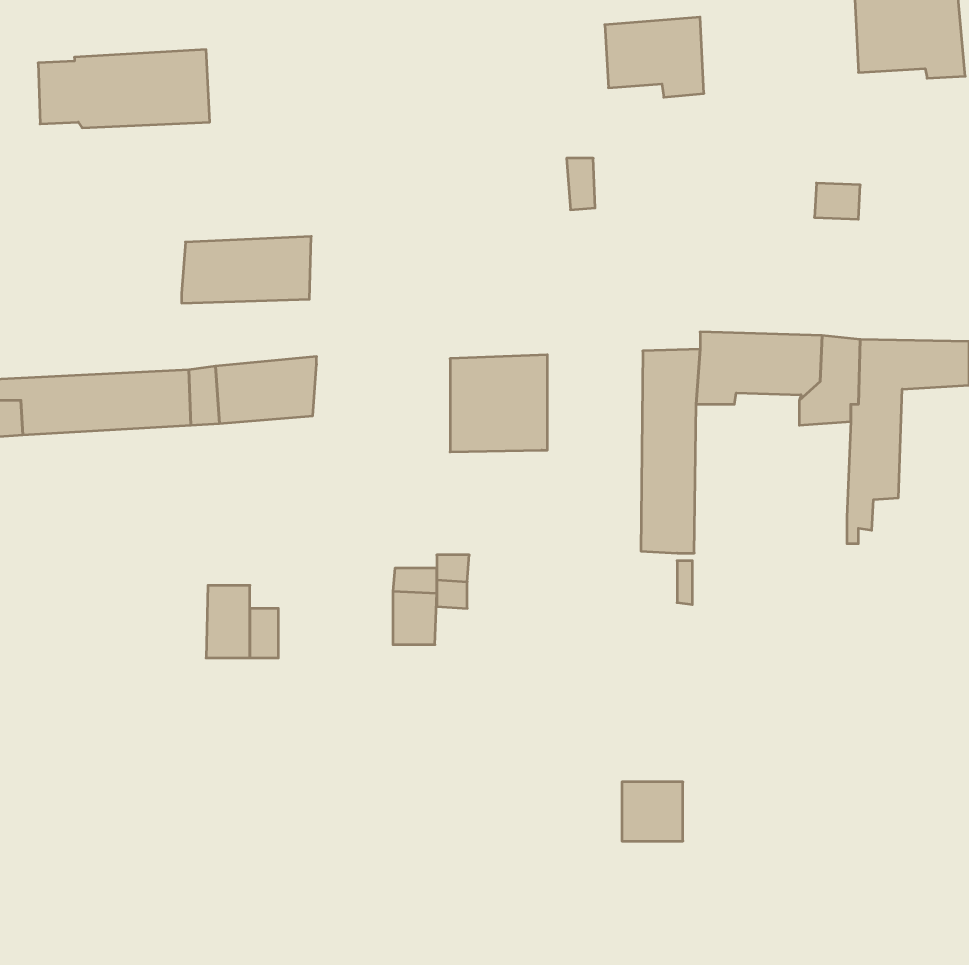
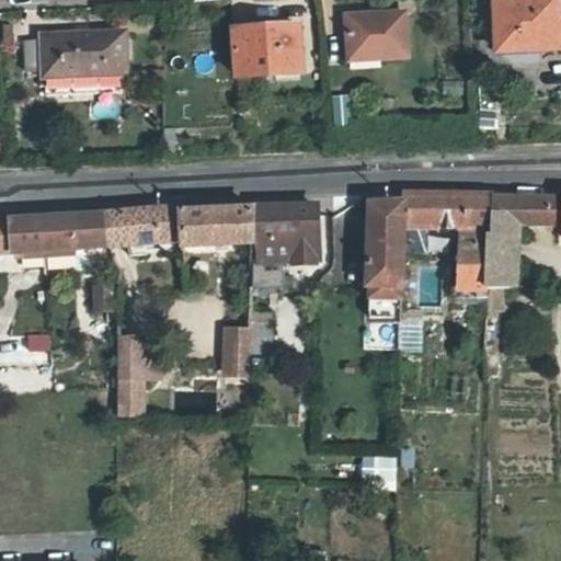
building: none -> [233,20,296,71]
building: [182,236,311,303] -> [180,206,254,244]
building: none -> [459,242,489,297]
building: none -> [118,378,144,416]

